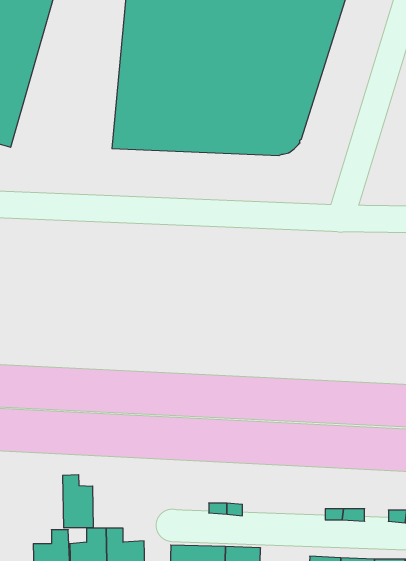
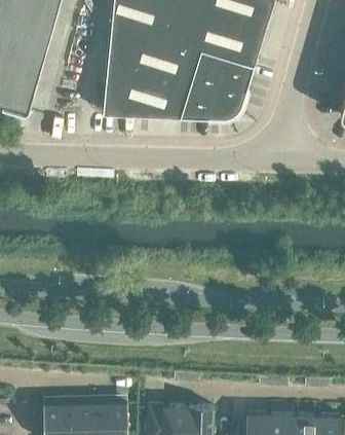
building: [63,475,93,528] -> none

